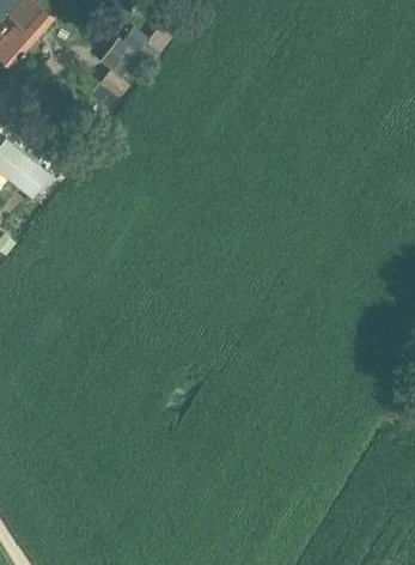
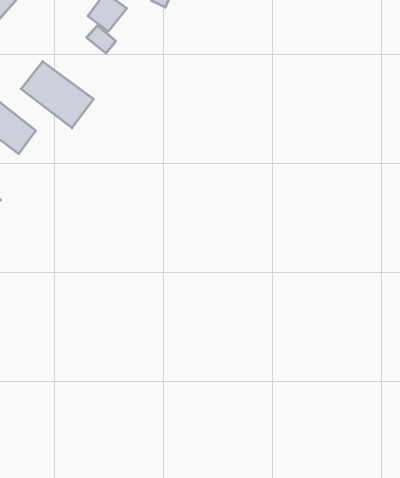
building: none -> [21,61,93,128]

